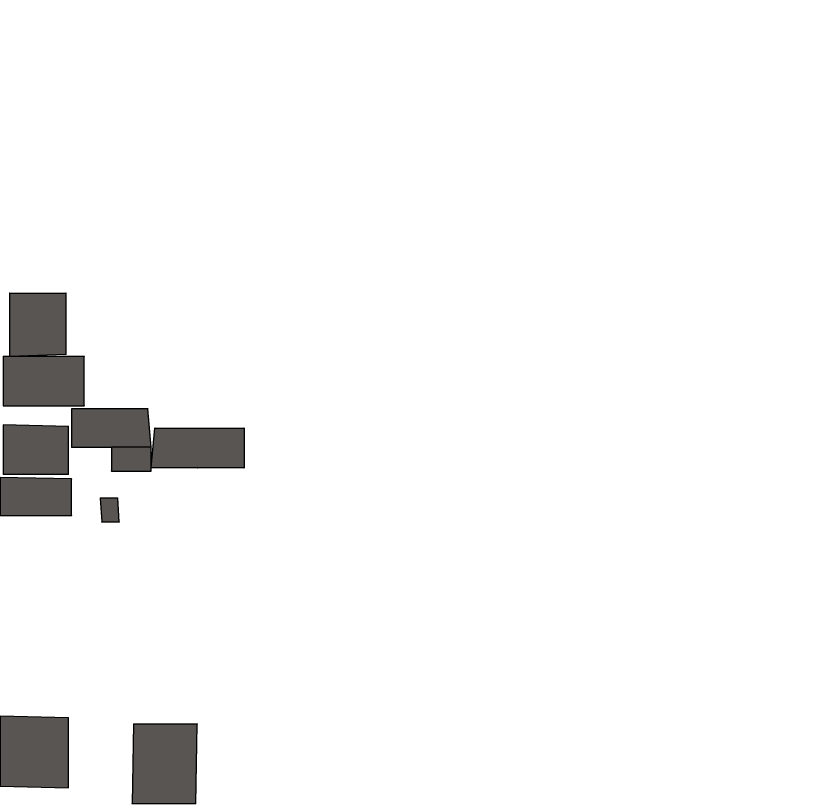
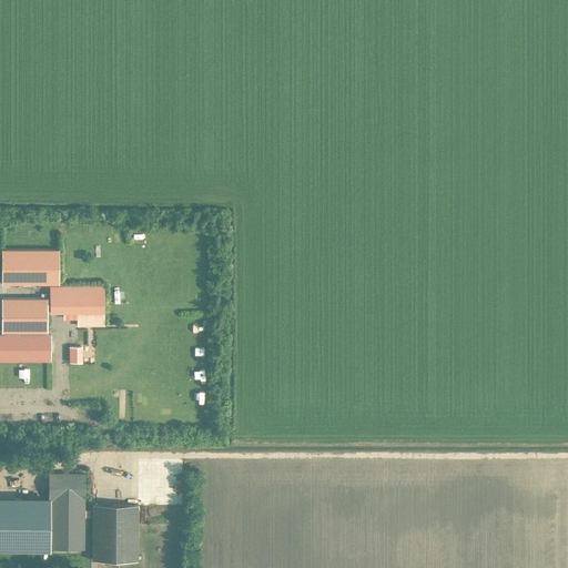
building: [10,293,66,356] -> none
building: [151,428,244,468] -> none
building: none -> [49,476,90,551]

